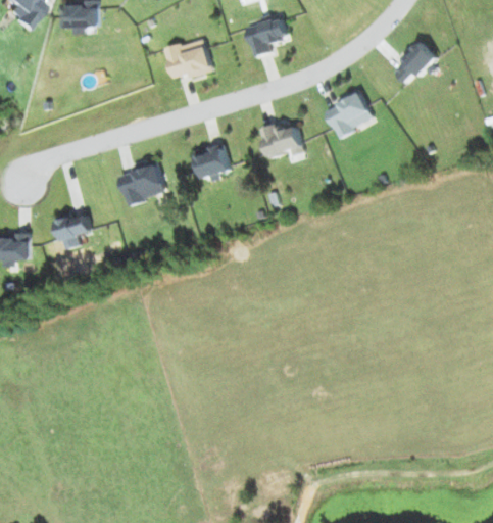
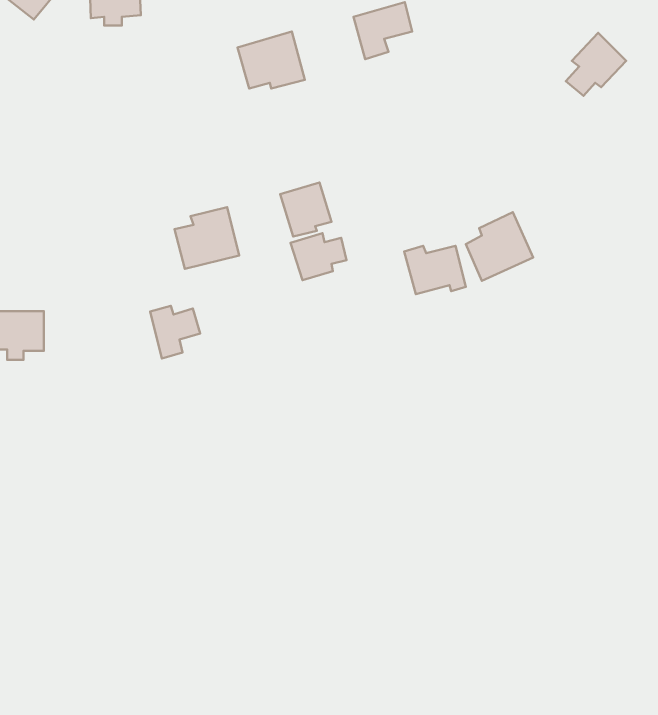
building: [326,88,373,136] -> [466,212,533,281]
building: [260,124,303,157] -> [404,246,466,294]
building: none -> [290,233,347,280]
building: [58,212,93,249] -> [150,306,200,358]

